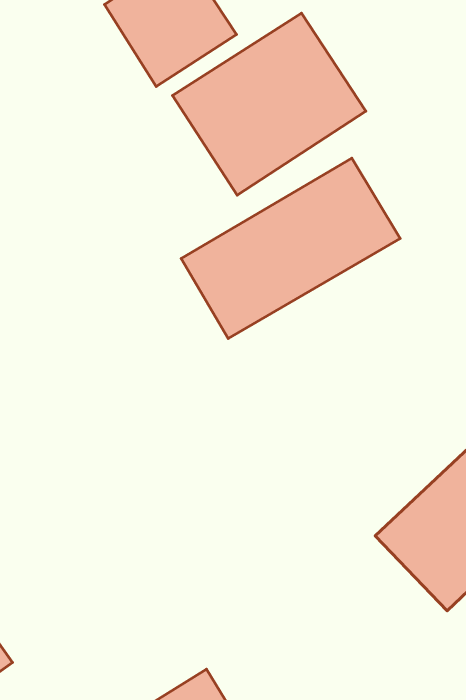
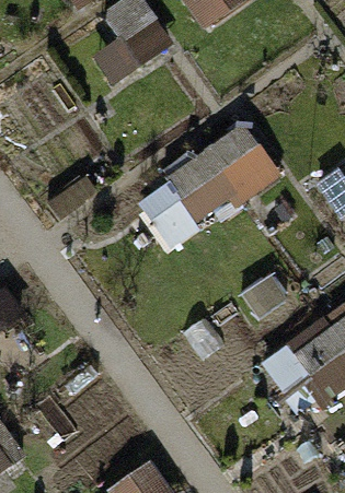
building: [173,13,366,195] -> none

